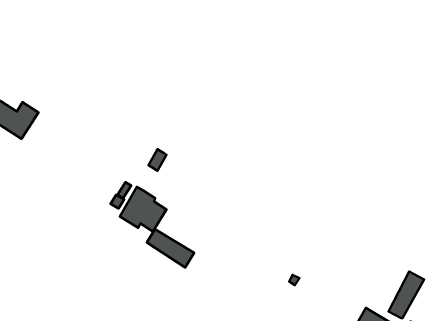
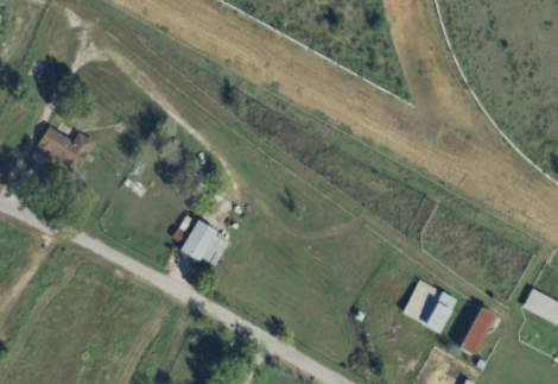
building: [147,229,194,268] -> none
building: none -> [404,279,457,335]

